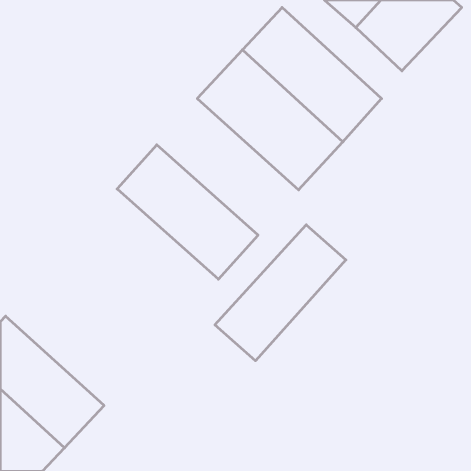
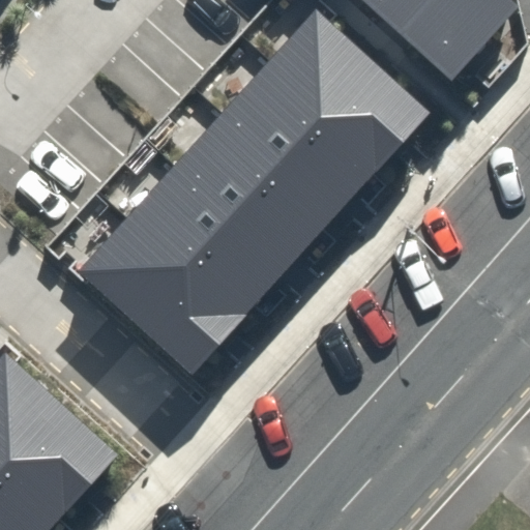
building: none -> [176,111,335,264]
building: none -> [78,212,245,373]
building: [215,225,346,361] -> none

